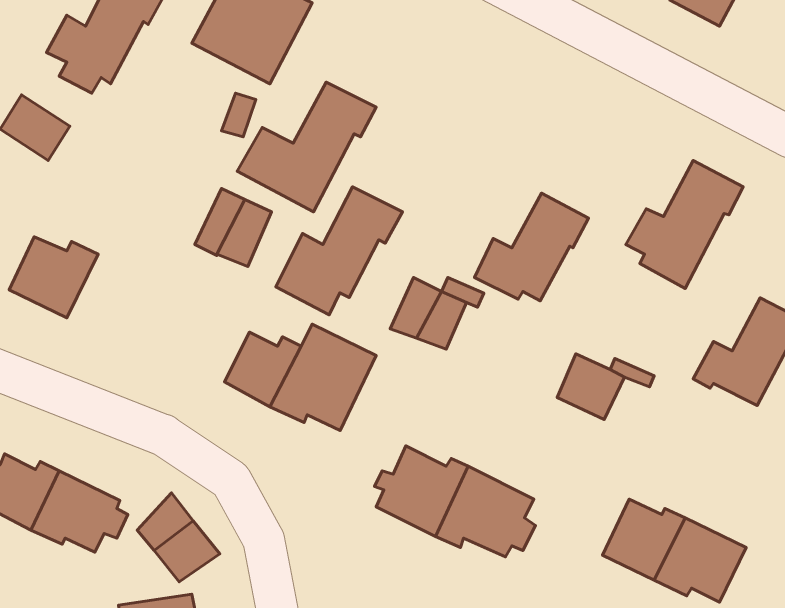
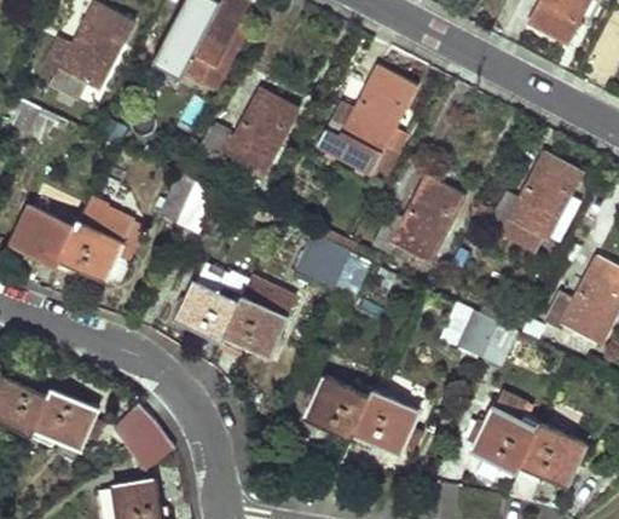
building: [276,187,402,315] -> [320,64,418,163]
building: none -> [59,201,145,284]

